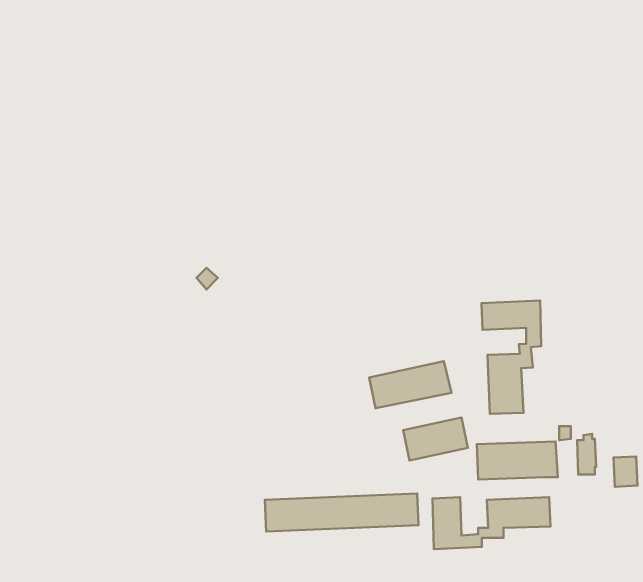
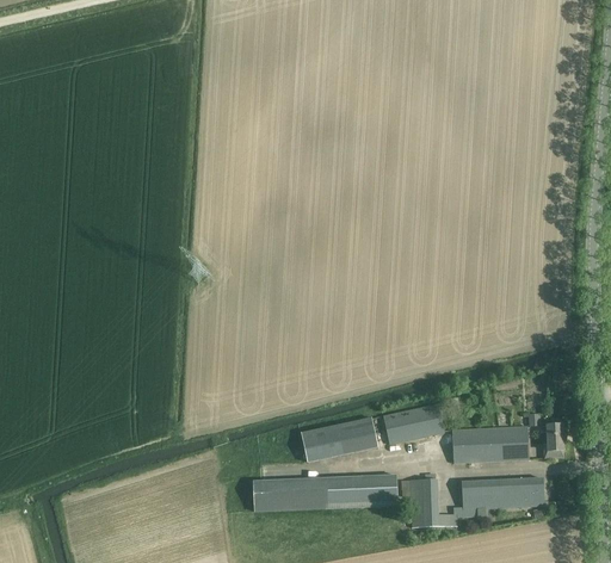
building: [481,300,541,414] -> none
building: [369,361,452,408] -> [301,416,378,460]
building: [613,456,638,487] -> [520,477,543,506]

